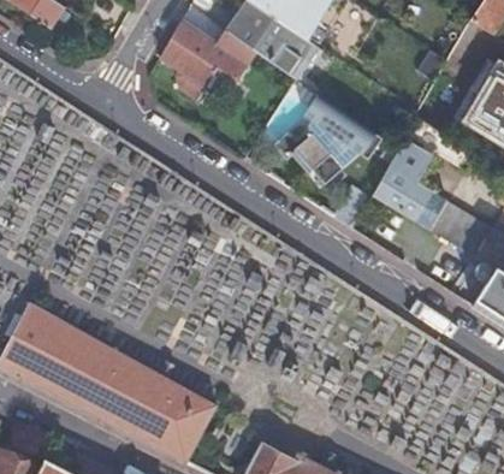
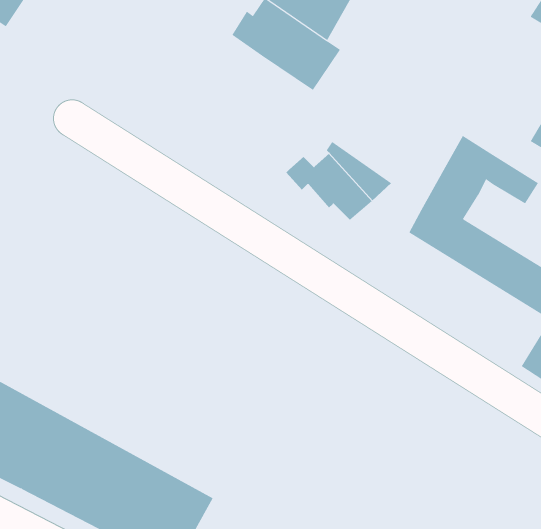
building: [161,20,255,100] -> none
building: [304,94,383,158] -> none

